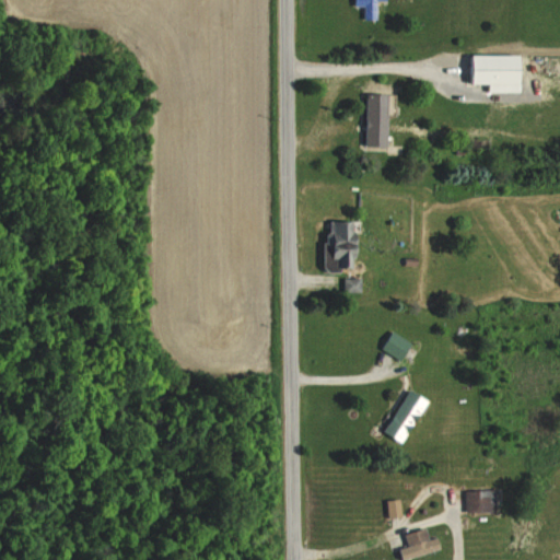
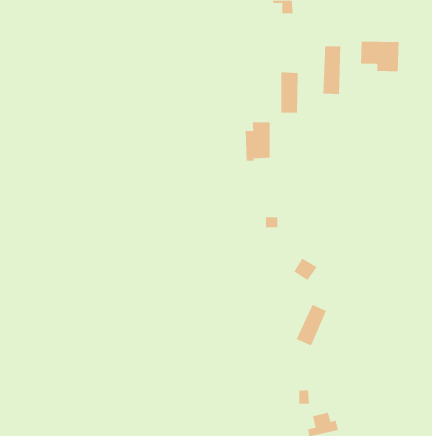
building: none -> [323,45,341,95]
building: [324,222,357,272] -> [245,122,271,161]
building: [467,491,498,514] -> none

